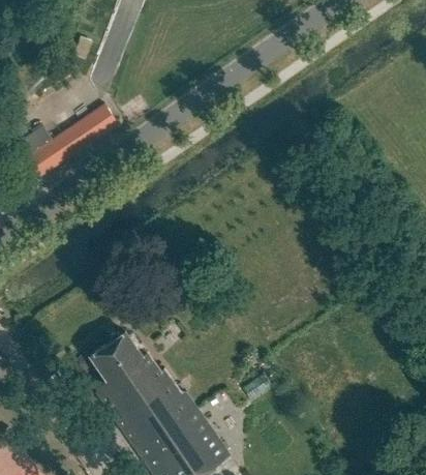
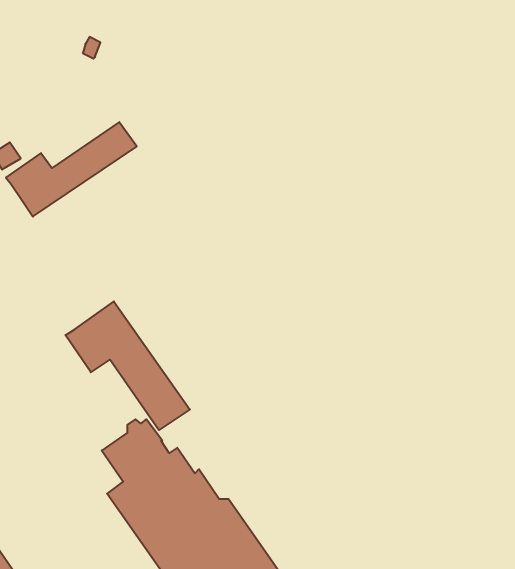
building: none -> [65,301,190,430]

